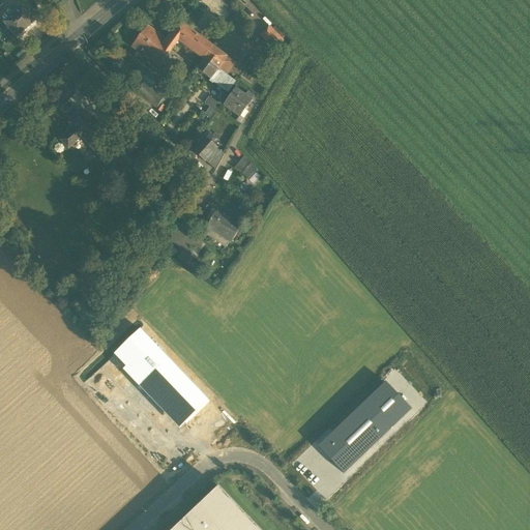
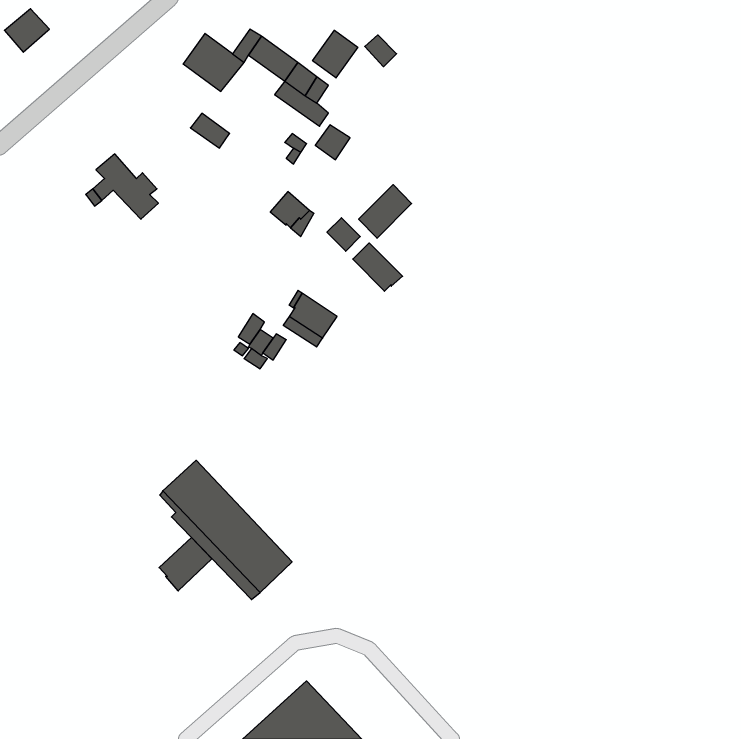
building: none -> [313,30,358,78]
building: none -> [359,185,412,238]
building: none -> [353,243,403,291]
building: [317,381,411,472] -> none
building: none -> [159,537,212,591]

